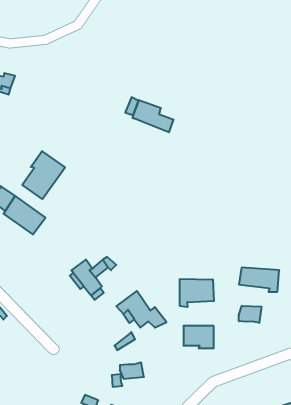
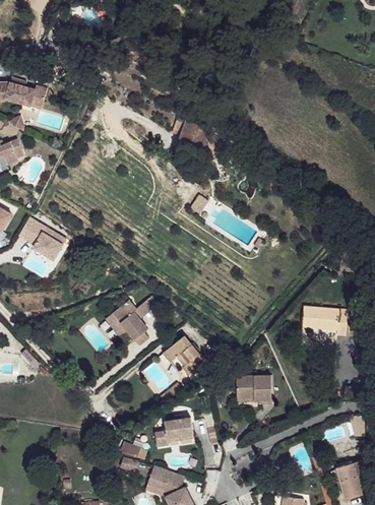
building: [22,151,65,199] -> none
building: [180,279,214,307] -> none
building: [239,306,261,323] -> none

